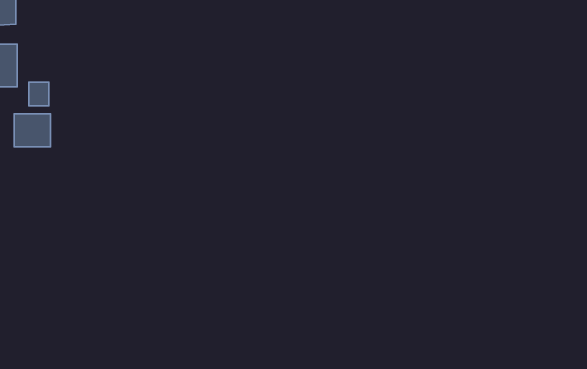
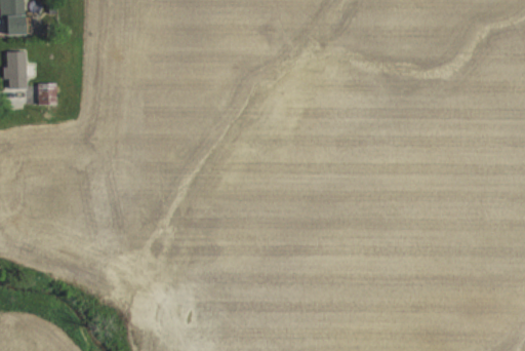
building: [14,114,50,147] -> none

